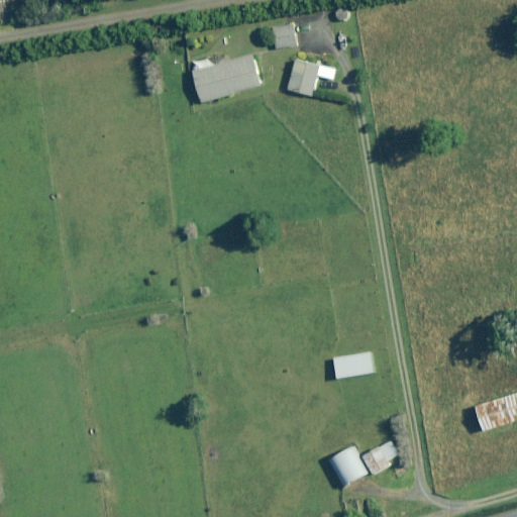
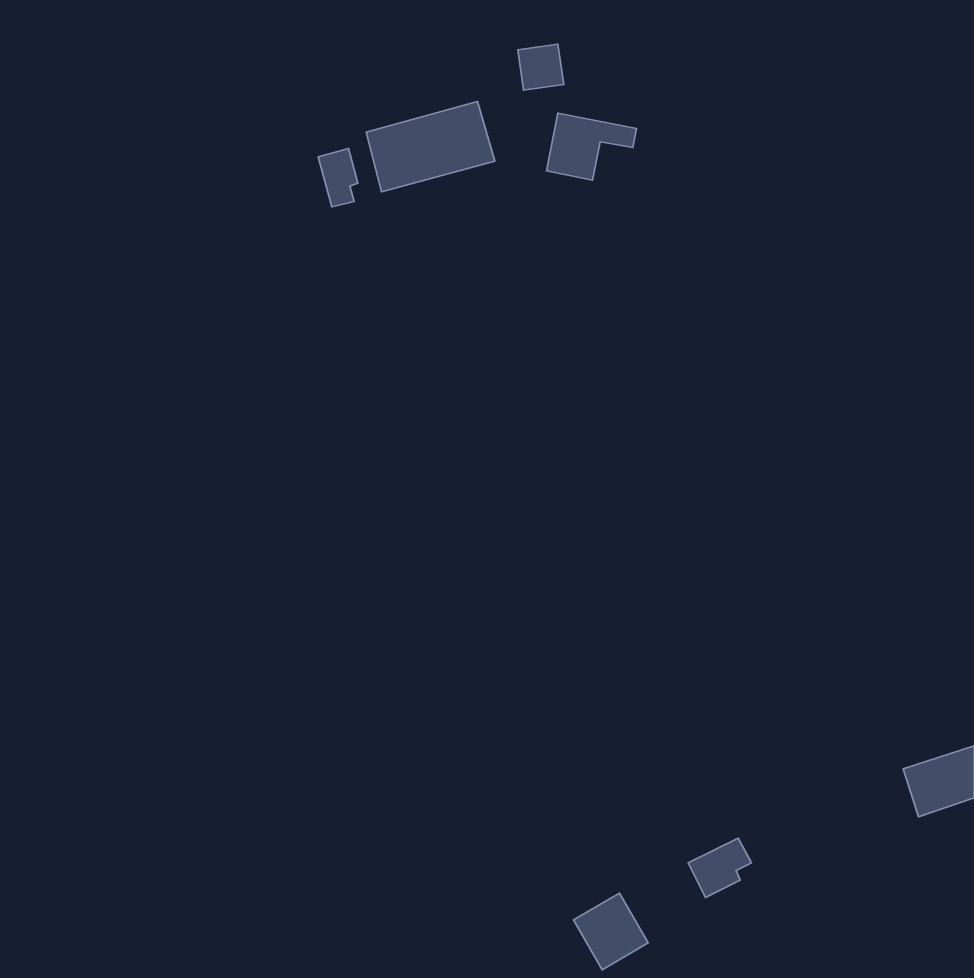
building: none -> [318,149,358,207]
building: [333,351,374,378] -> none
building: [328,446,368,487] -> [573,893,648,970]

